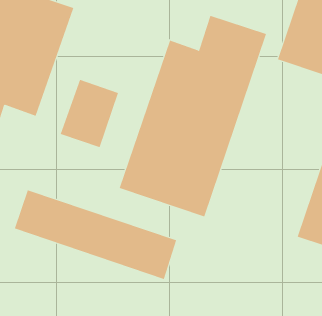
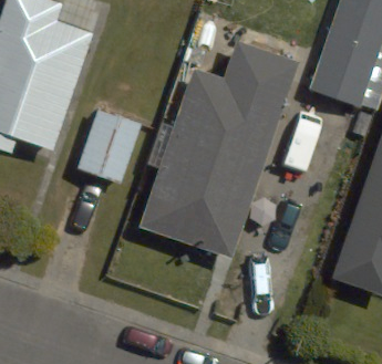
building: [14,190,177,280] -> none

